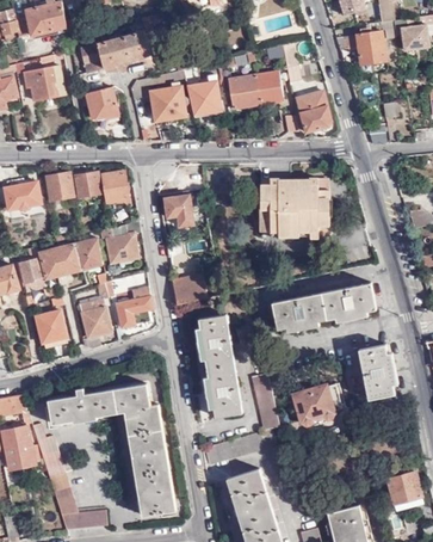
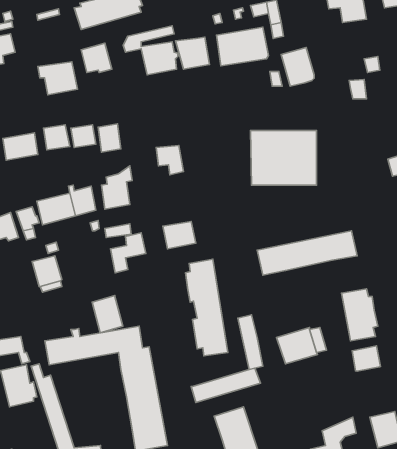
building: [23,66,64,100] -> [38,62,77,95]
building: [79,298,111,338] -> [92,295,123,333]
building: none -> [352,346,381,371]

